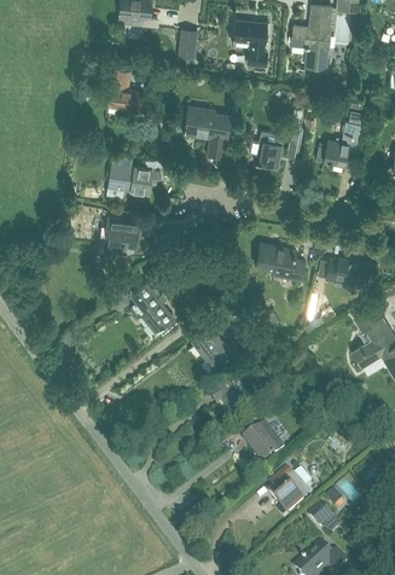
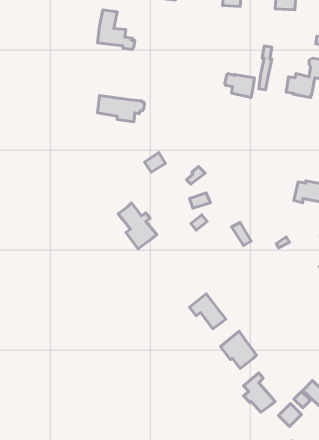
building: [184,105,231,157] -> none
building: [103,216,141,251] -> none
building: [256,242,304,279] -> none
building: [192,325,233,368] -> none

